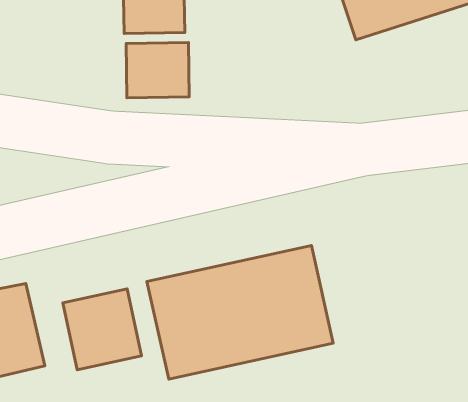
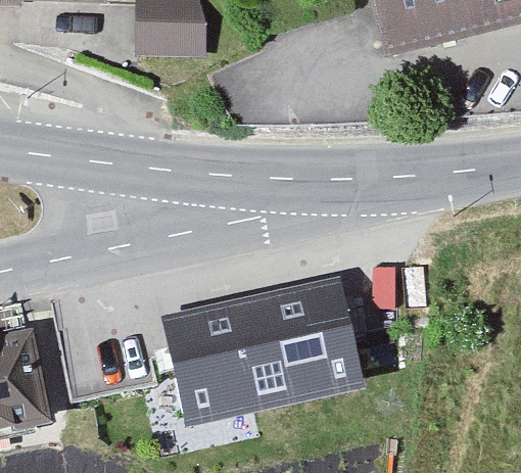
building: [126,42,189,98] -> none
building: [63,289,142,370] -> none

